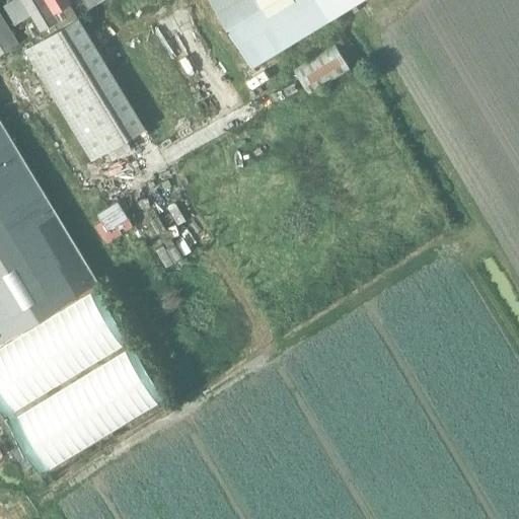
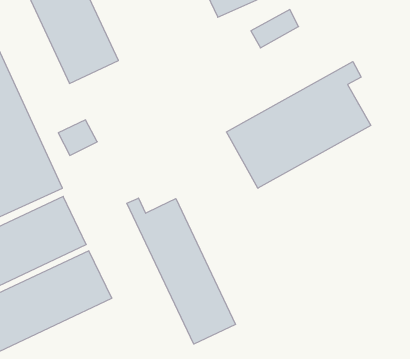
building: none -> [226,62,371,188]
building: none -> [127,198,235,344]

